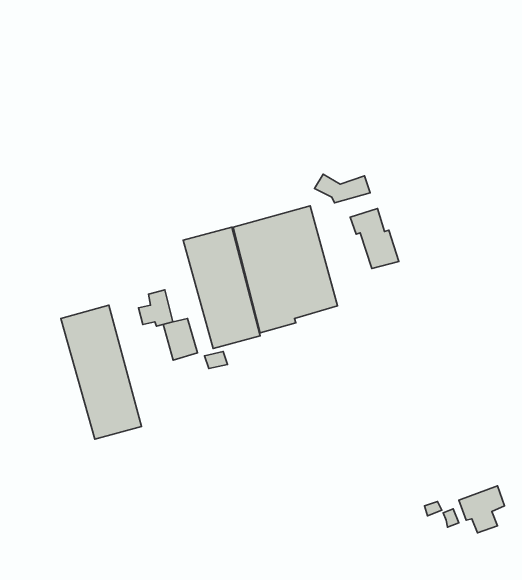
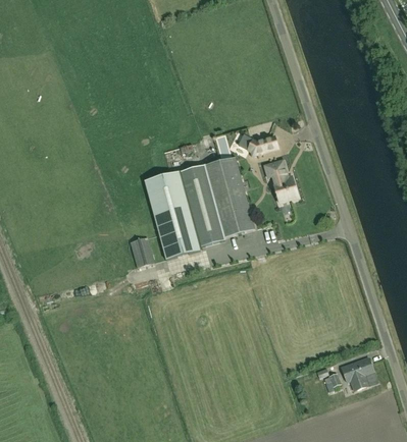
building: [138,290,173,326] -> none
building: [61,305,141,439] -> none

